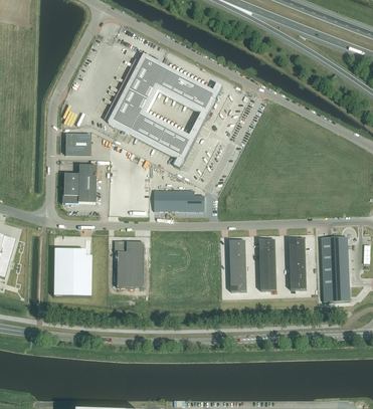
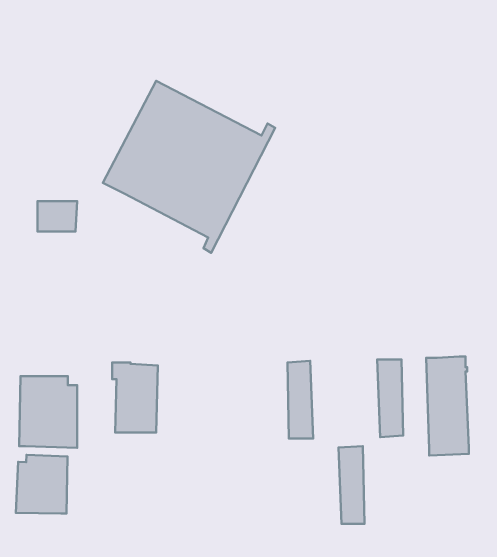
building: [61,165,96,203] -> none
building: [154,190,204,210] -> none
building: [258,238,275,289] -> [338,446,364,524]
building: none -> [16,455,68,514]

